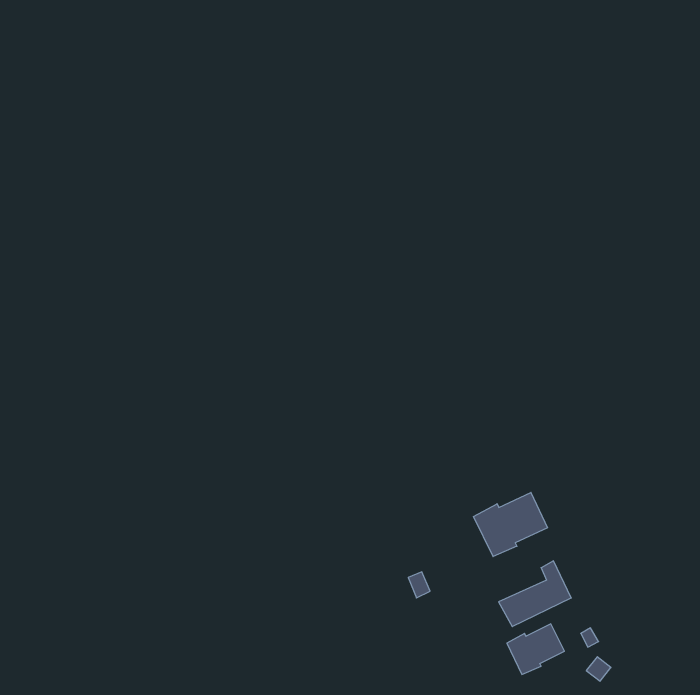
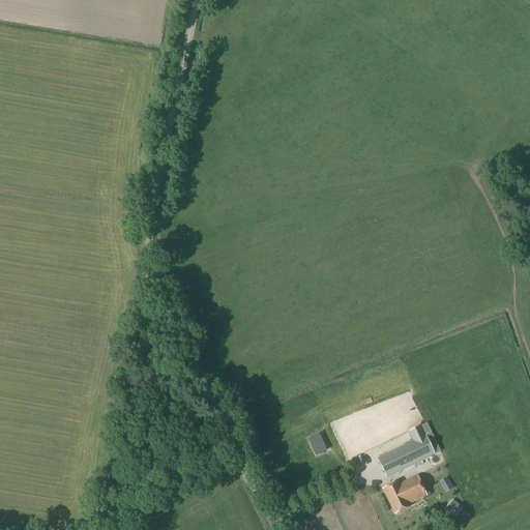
building: [473,492,547,557] -> none

